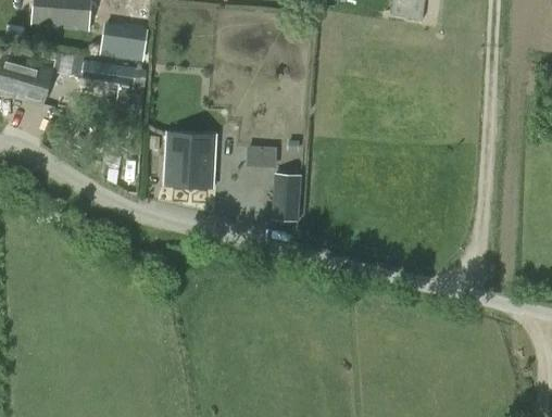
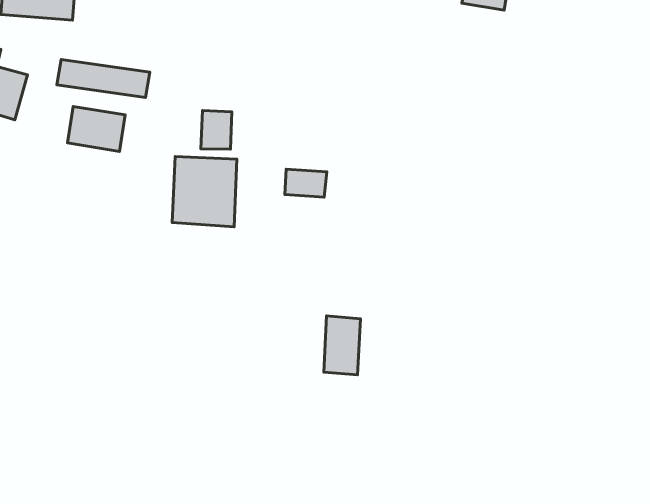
building: [101,23,146,58] -> [68,106,125,151]
building: none -> [201,110,232,149]
building: [271,174,299,219] -> [324,316,360,375]

